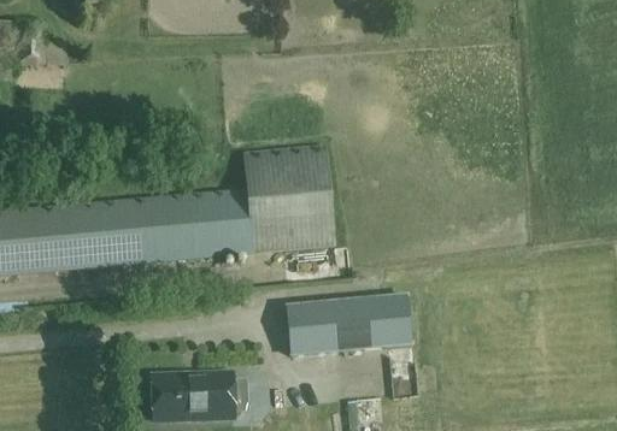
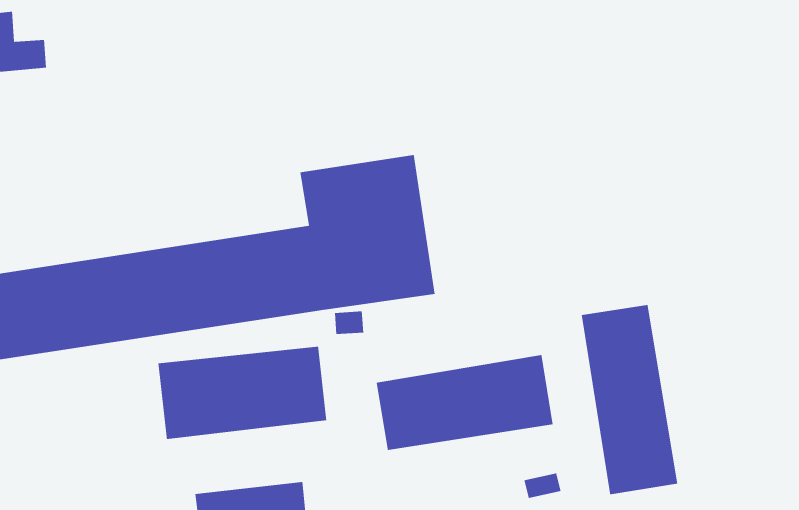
building: none -> [581,304,678,495]
building: none -> [158,346,327,440]

